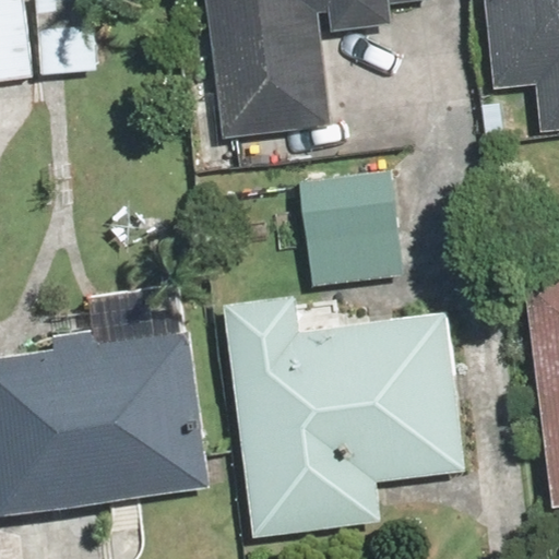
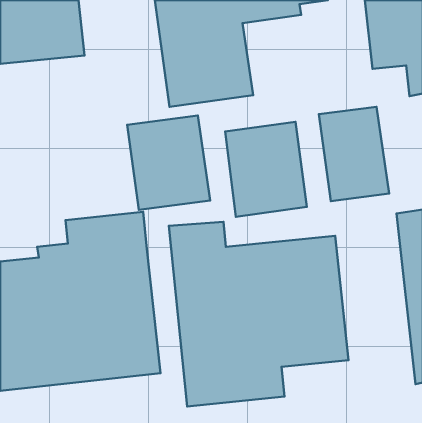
building: none -> [319,107,389,201]
building: none -> [127,116,210,210]

